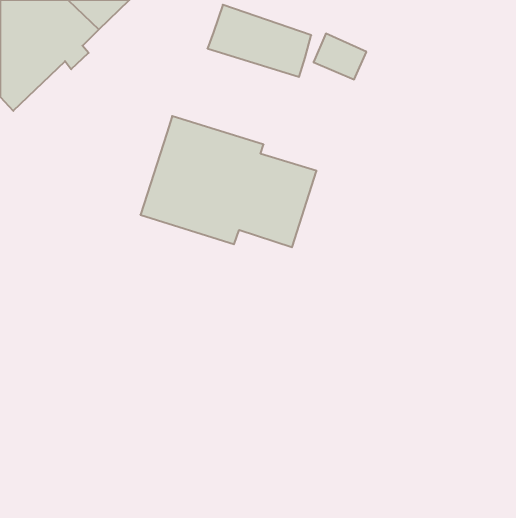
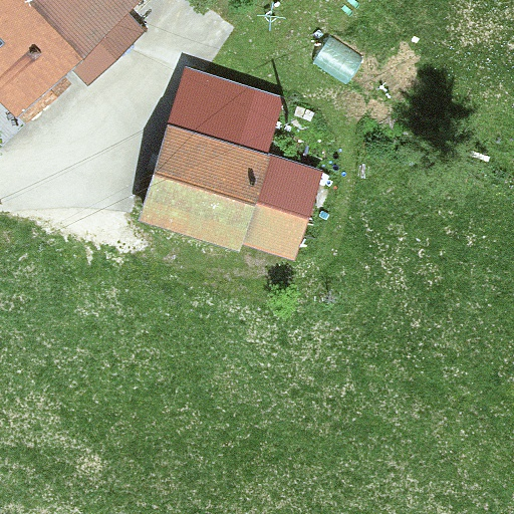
building: [207,5,311,77] -> [174,73,276,145]

